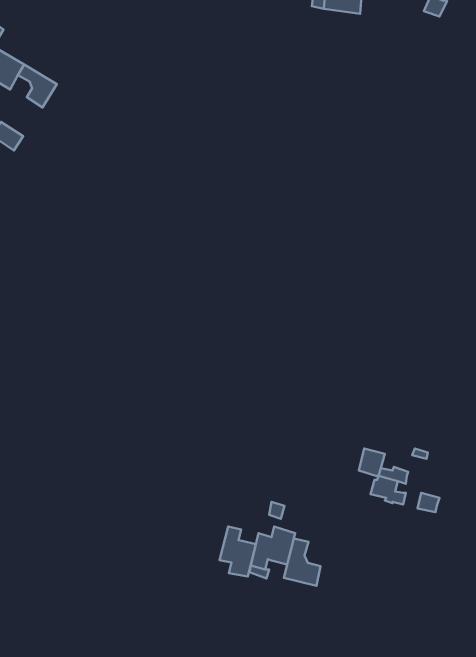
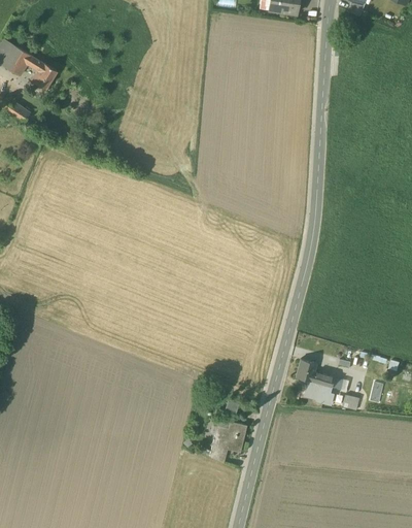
building: [220,527,256,577] -> none
building: [284,538,320,586] -> none

